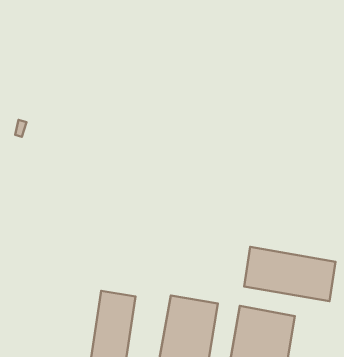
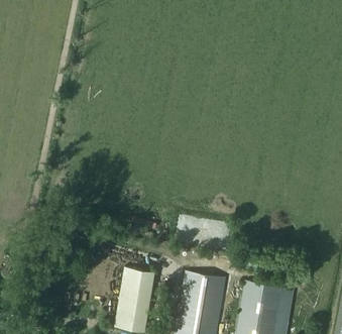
building: [244,247,336,301] -> none

